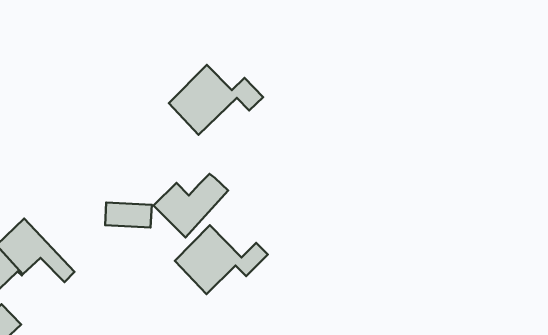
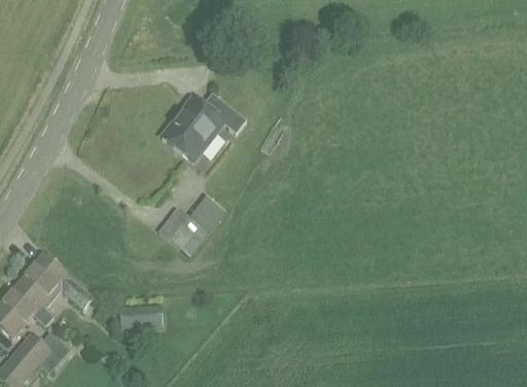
building: [105,202,152,228] -> [119,304,162,326]
building: [175,225,268,294] -> none

